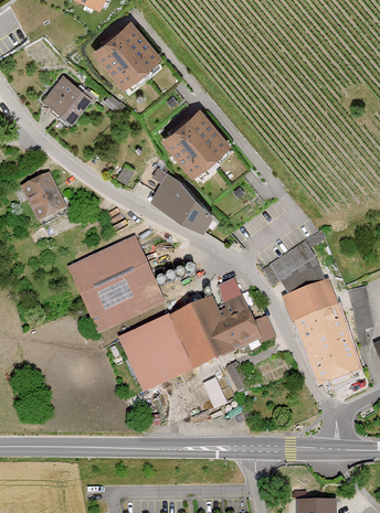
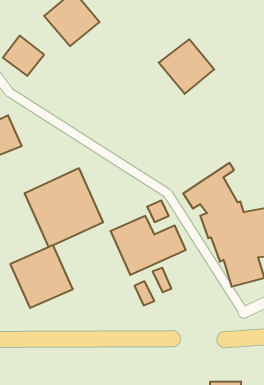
building: [161,108,230,175] -> [159,39,214,94]
building: [149,172,212,229] -> none
building: [120,314,198,392] -> [10,245,73,308]

